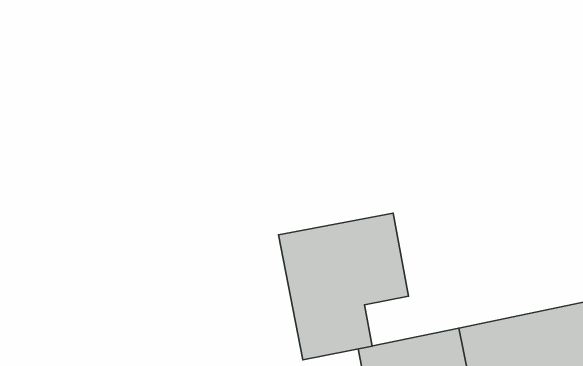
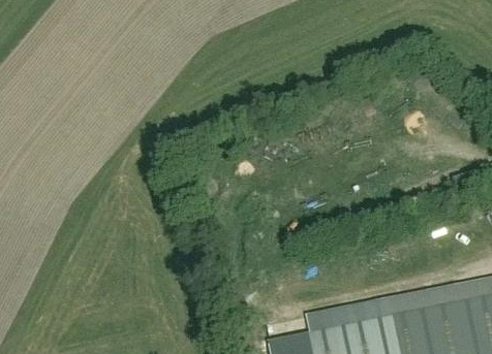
building: [278,213,408,360] -> none

